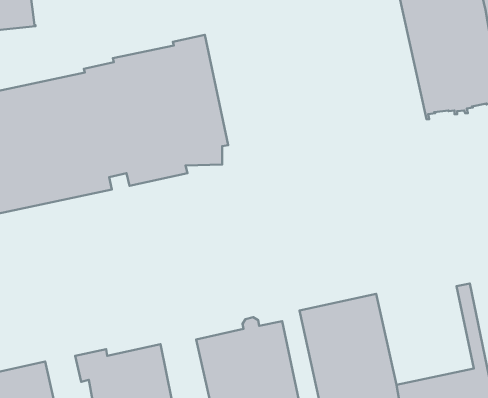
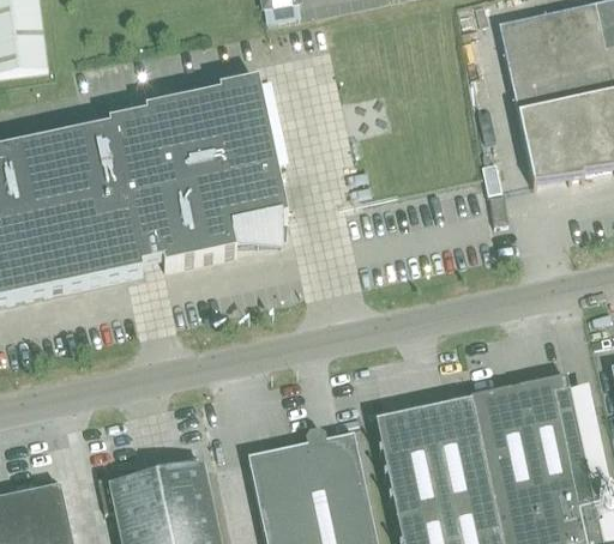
building: none -> [469,375,591,513]

